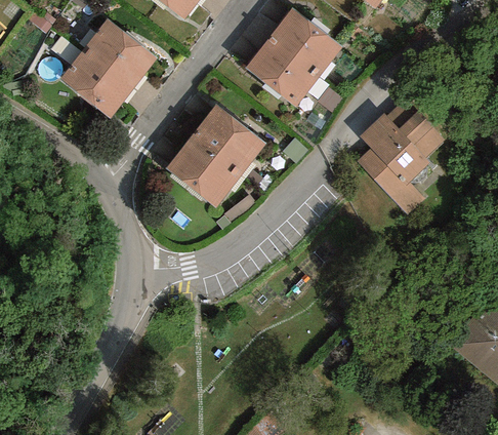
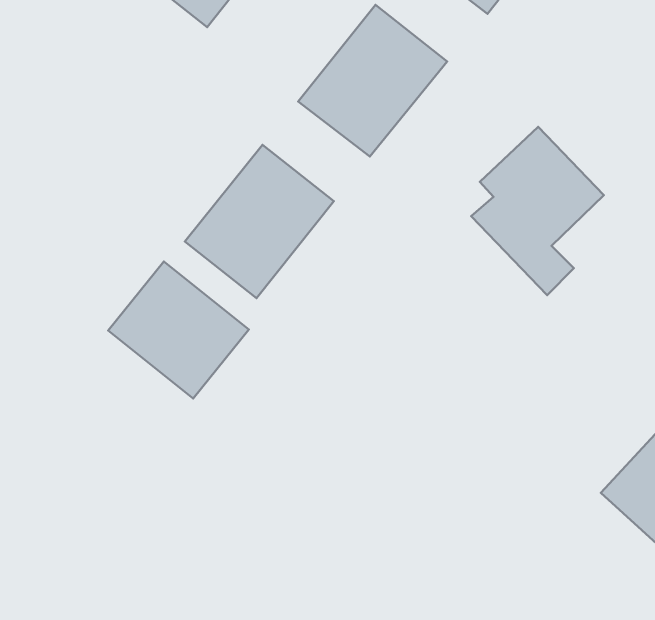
building: [56,14,158,120] -> none
building: none -> [108,262,249,398]

